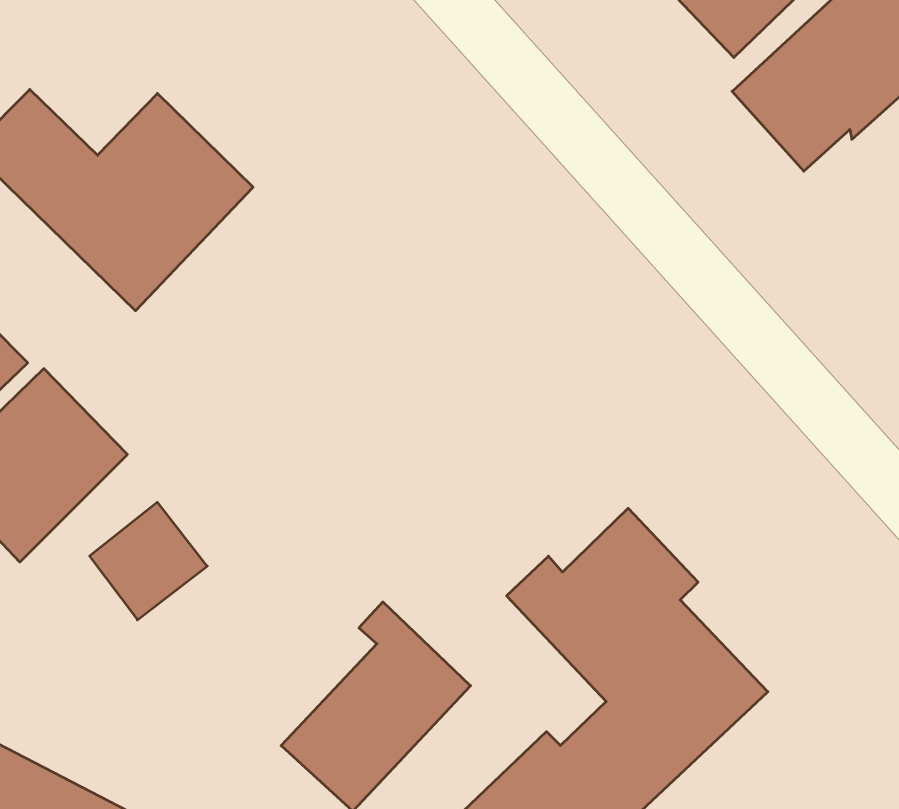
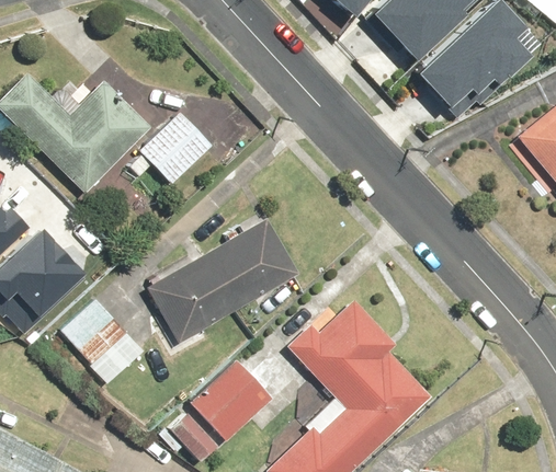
building: none -> [125,113,214,189]
building: none -> [146,219,304,345]

